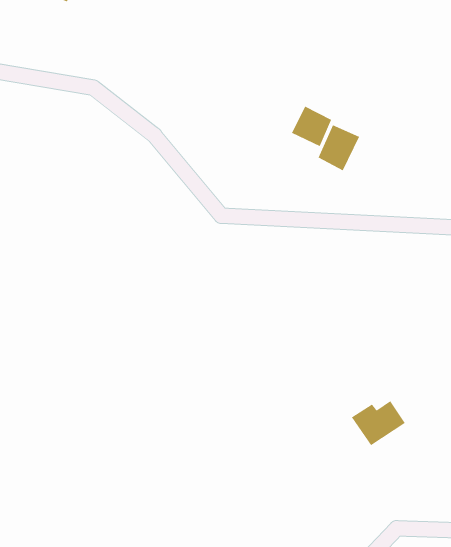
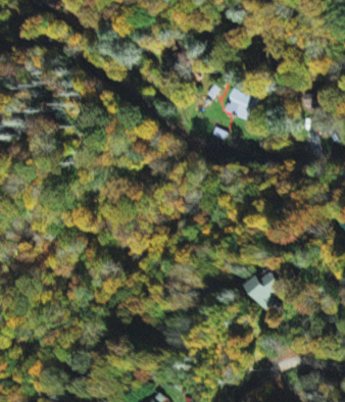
building: [291,105,332,147] -> none

